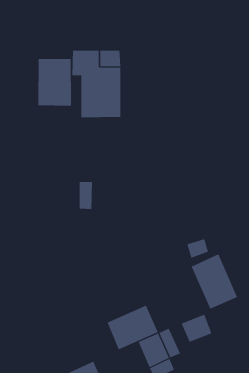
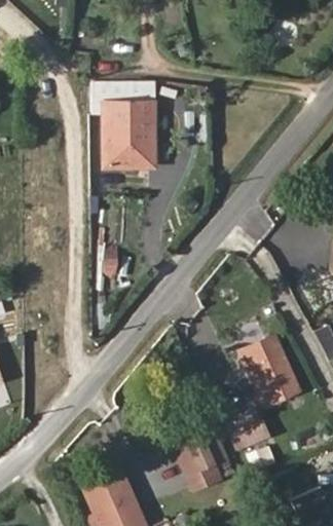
building: [38,58,72,107] -> none
building: [107,305,158,350] -> none

